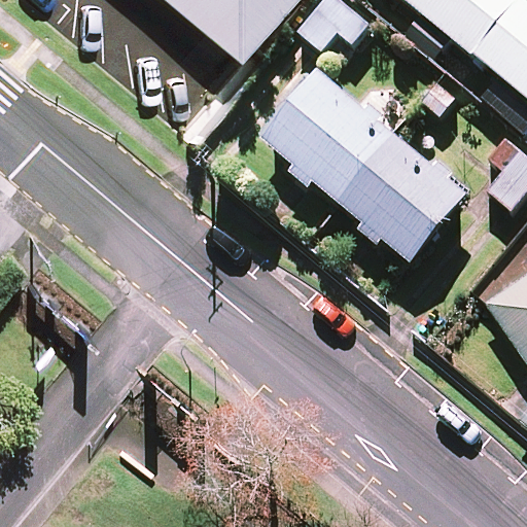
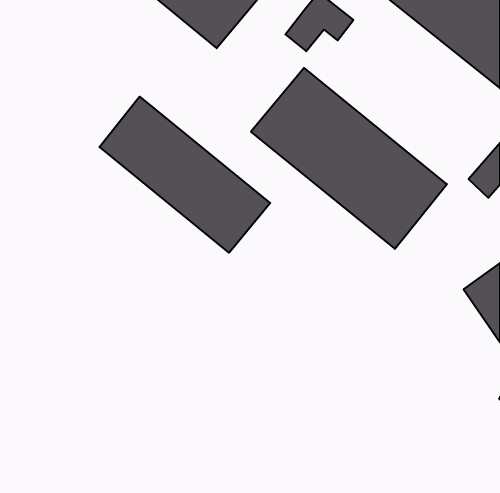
building: none -> [99,97,270,253]

